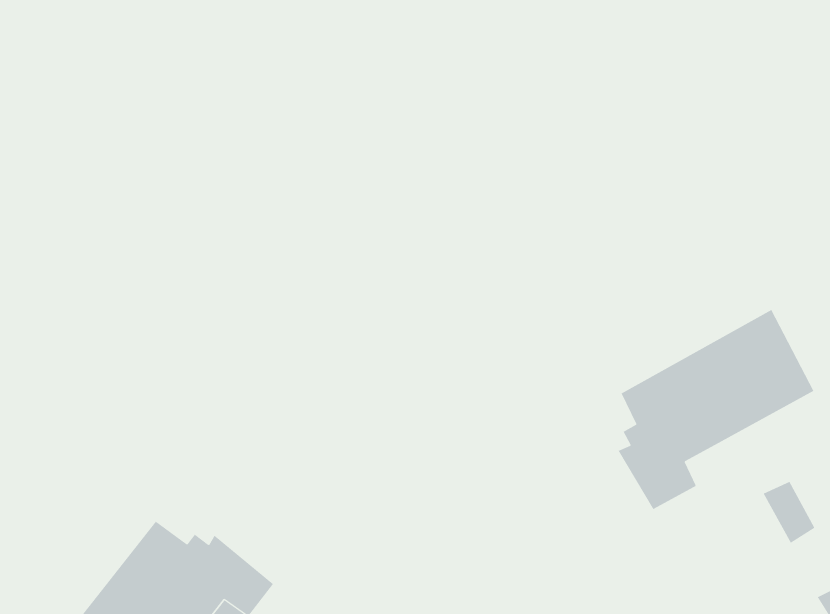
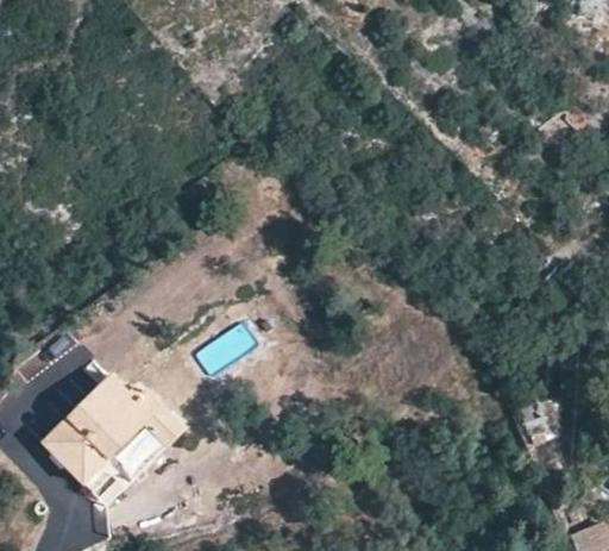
building: [618,309,814,510] -> none

